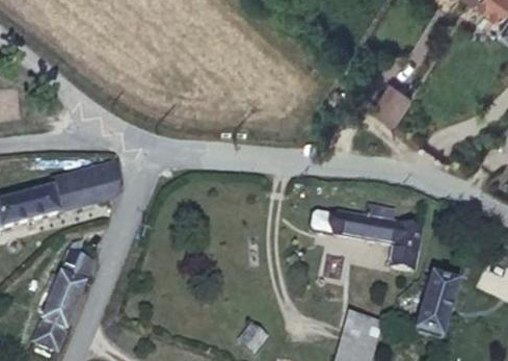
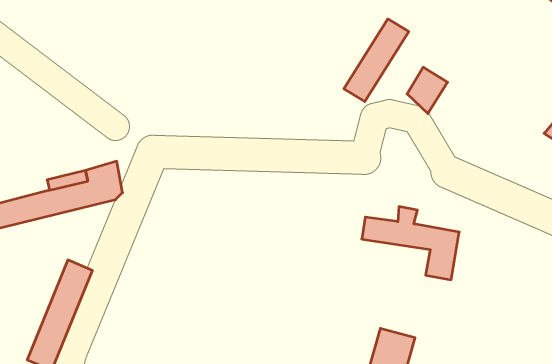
building: none -> [344,19,409,102]
building: [415,275,457,338] -> none

